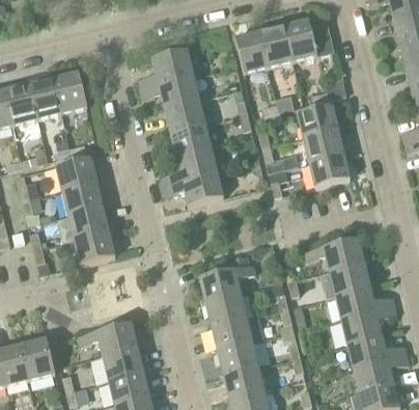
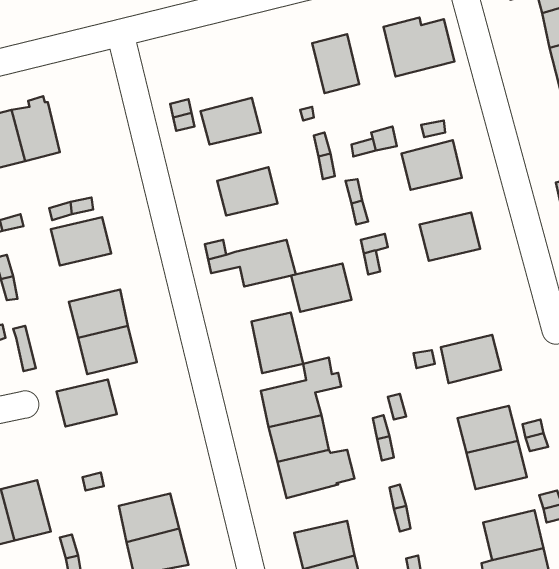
building: [259,26,292,65] -> none
building: [151,49,194,84] -> none
building: [54,72,87,112] -> none
building: [165,99,205,132] -> none
building: [303,130,344,162] -> none
building: [176,147,218,181] -> [291,264,351,312]
building: [62,182,104,215] -> none
building: none -> [251,312,303,373]
building: [329,262,370,295] -> none
building: [96,323,138,355] -> [56,380,117,426]
building: [347,335,388,366] -> none
building: [218,340,259,374] -> none

